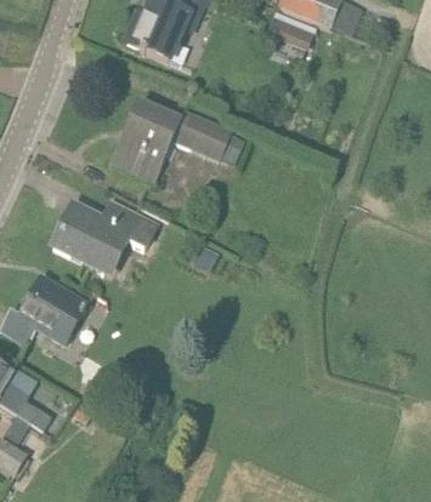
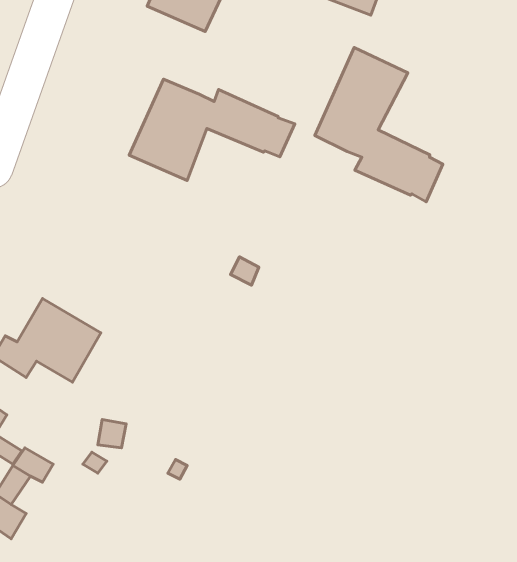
building: none -> [315,48,443,202]
building: [51,201,157,275] -> none

